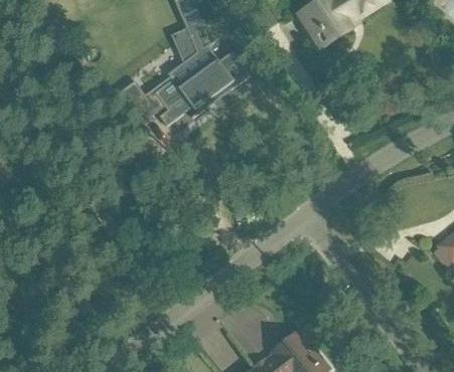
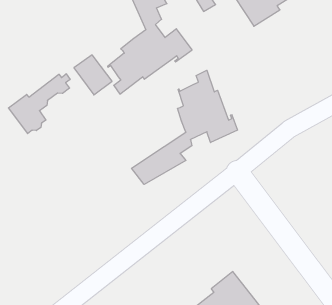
building: none -> [132,70,238,184]
building: none -> [8,74,70,134]

